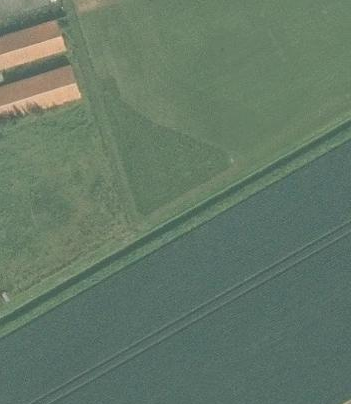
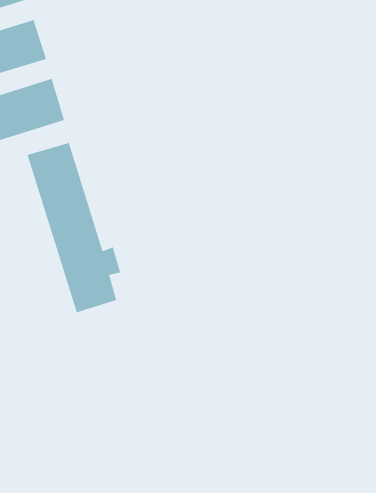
building: none -> [27,142,121,313]

